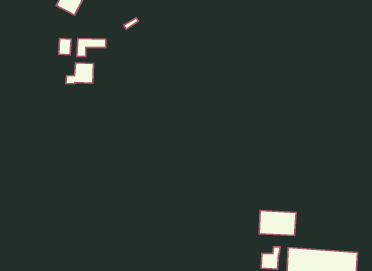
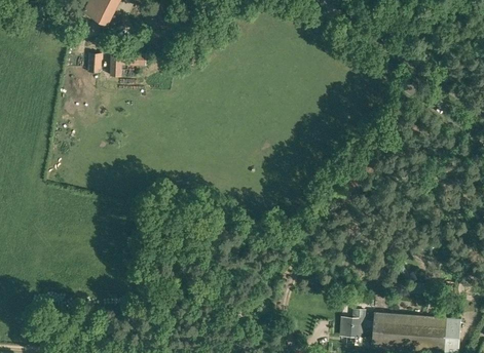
building: [66,63,94,84] -> none
building: [259,210,296,235] -> none

